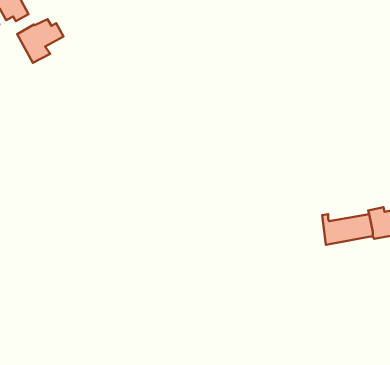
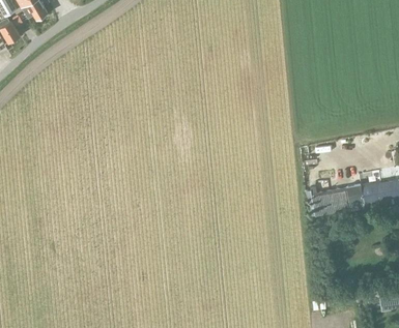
building: [17,19,63,63] -> none

